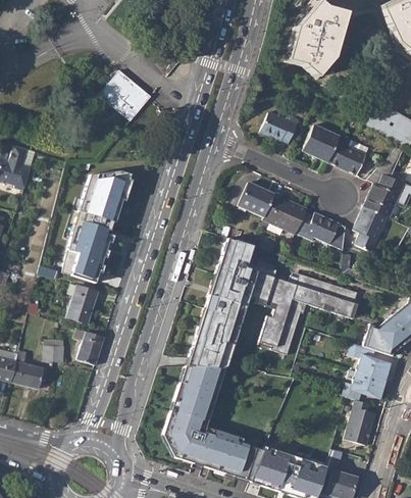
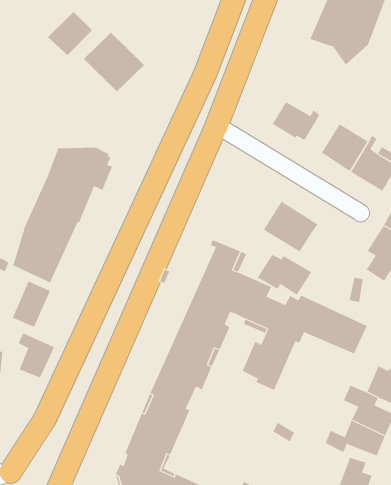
building: none -> [47,11,93,56]
building: [240,185,277,220] -> none
building: [298,216,343,248] -> [257,254,312,295]

